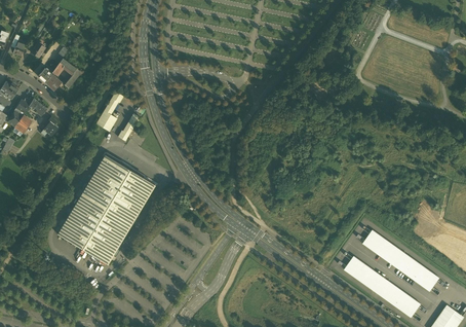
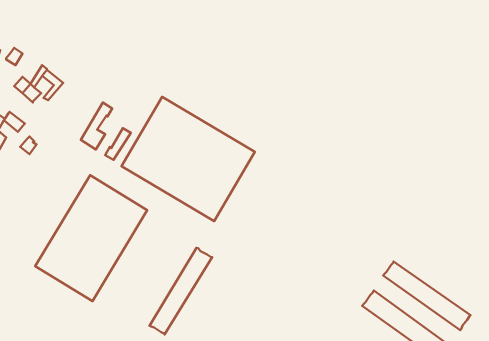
building: none -> [122,97,255,221]
building: none -> [150,248,212,334]

